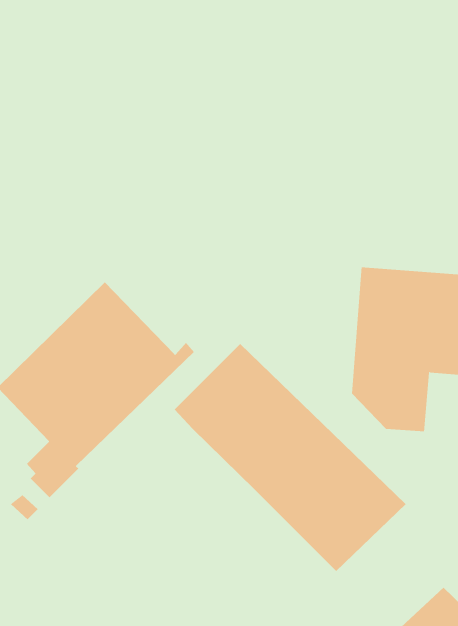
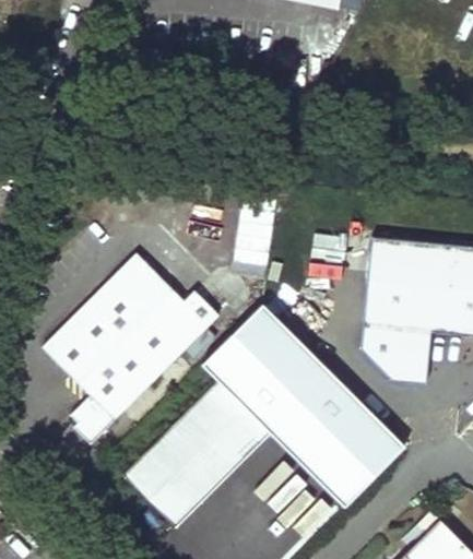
building: none -> [125,382,272,527]

